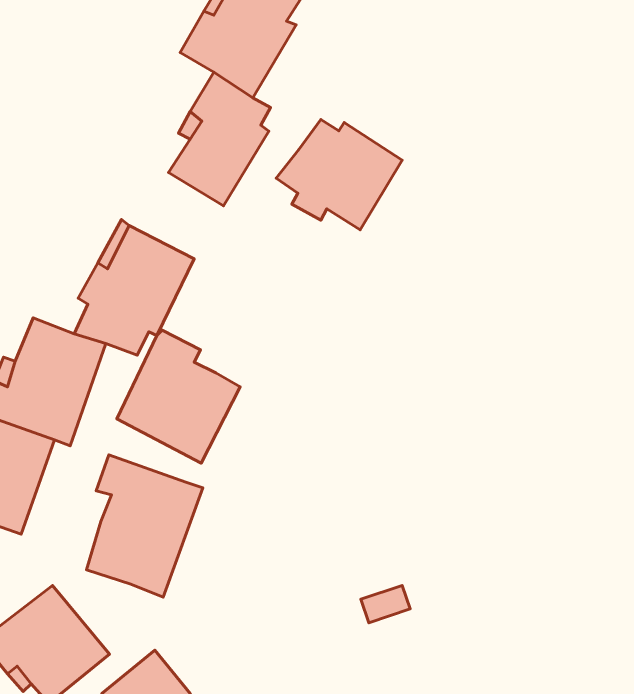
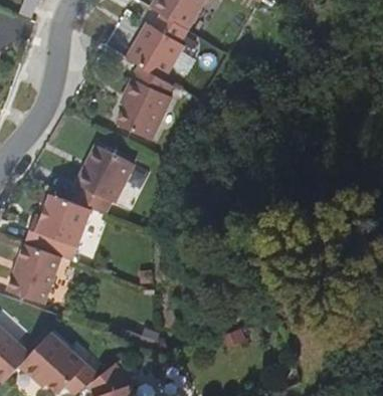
building: [276,119,402,230] -> none
building: [117,330,240,463] -> none
building: [86,455,203,597] -> none

